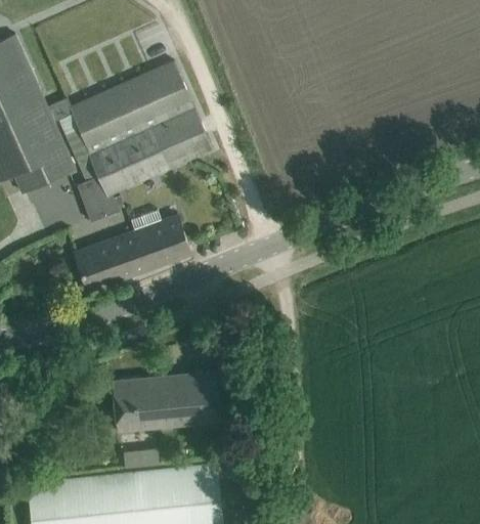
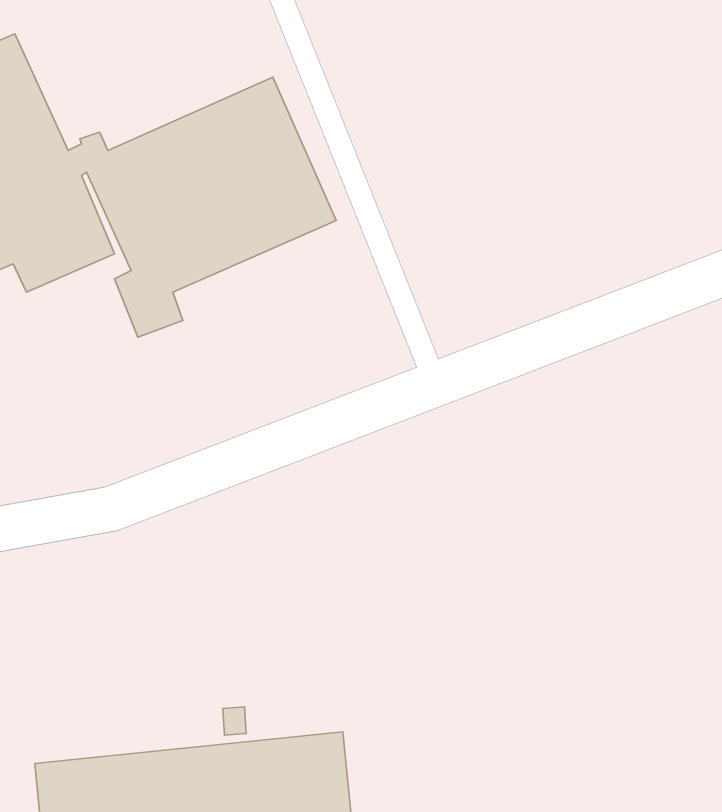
building: [75,211,190,291] -> none
building: [112,372,220,432] -> none

